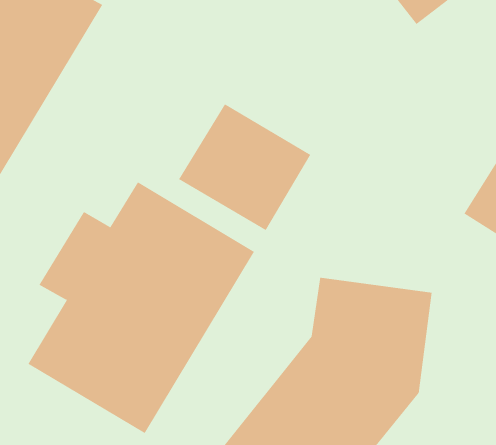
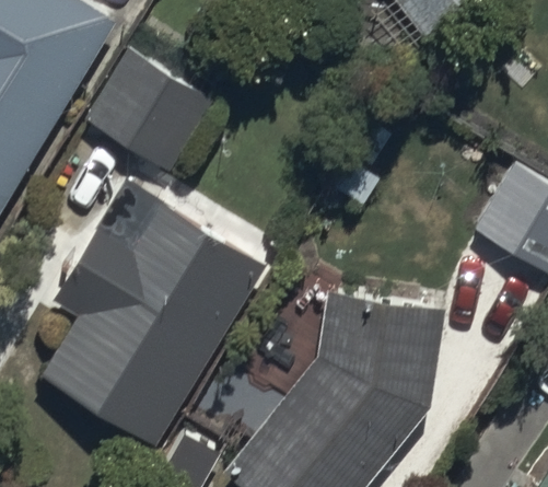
building: [178,103,311,231] -> [83,47,215,174]

